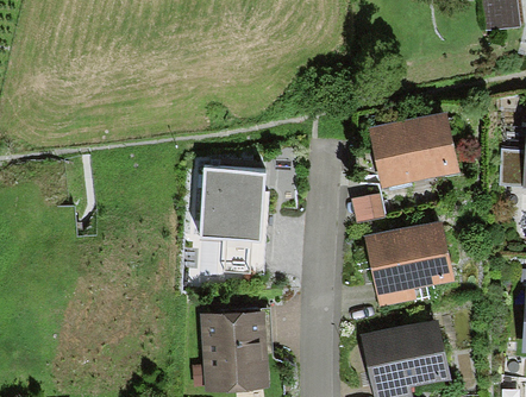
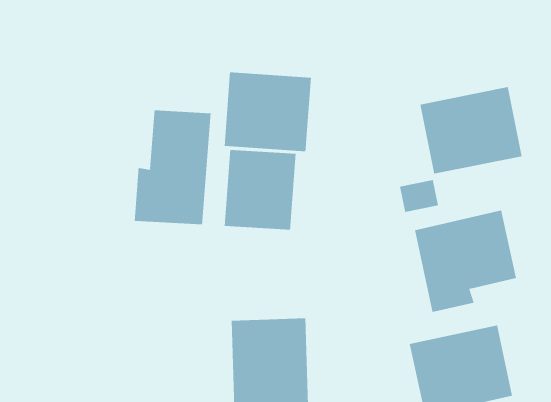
building: none -> [224,72,311,152]
building: none -> [134,109,211,225]

